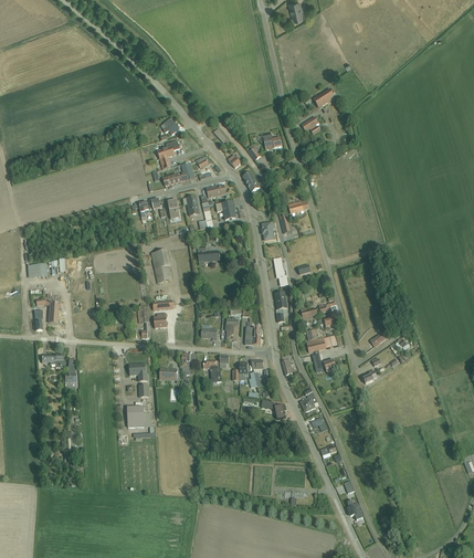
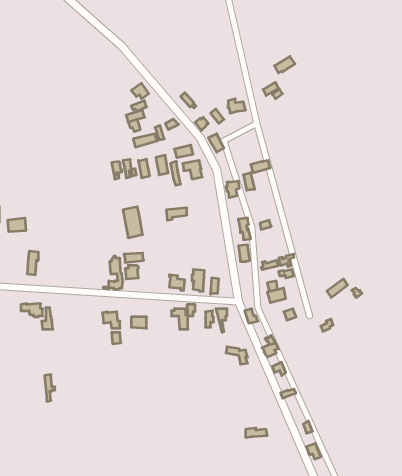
building: [127,406,151,427] -> none

